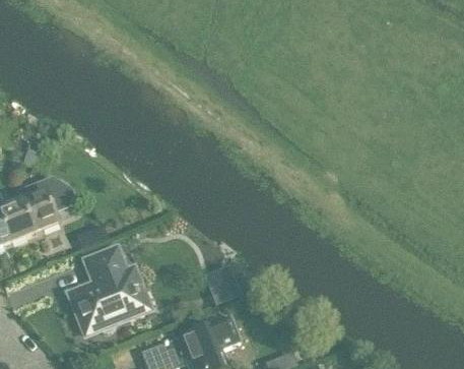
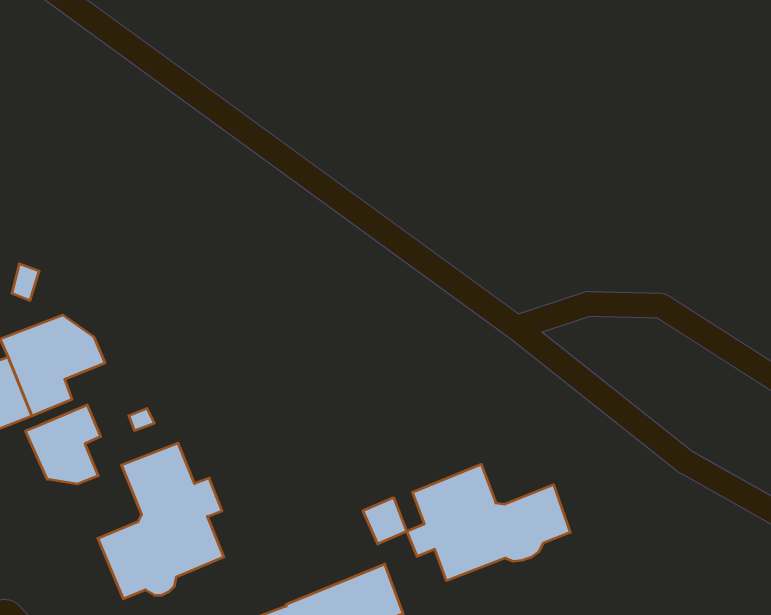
building: none -> [26,405,101,484]
building: none -> [407,464,570,581]

